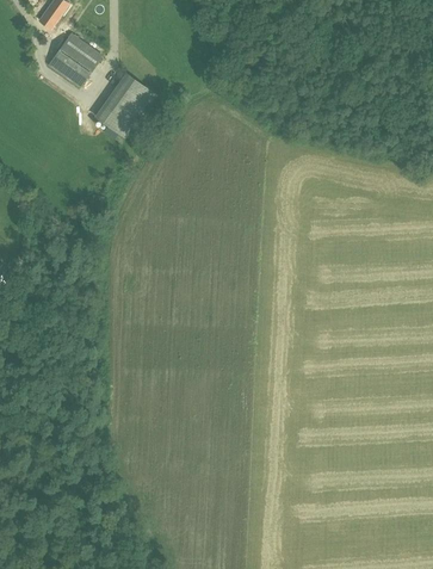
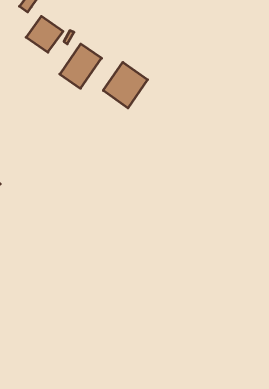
building: none -> [103,62,148,108]

